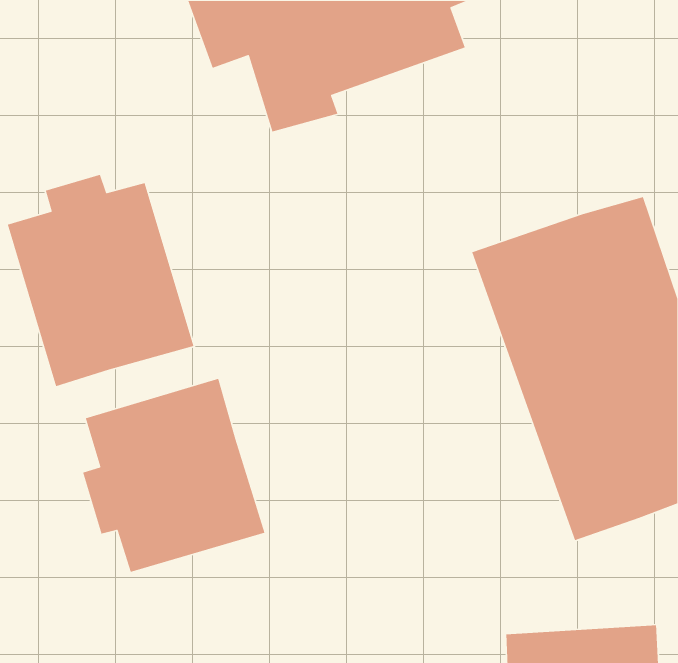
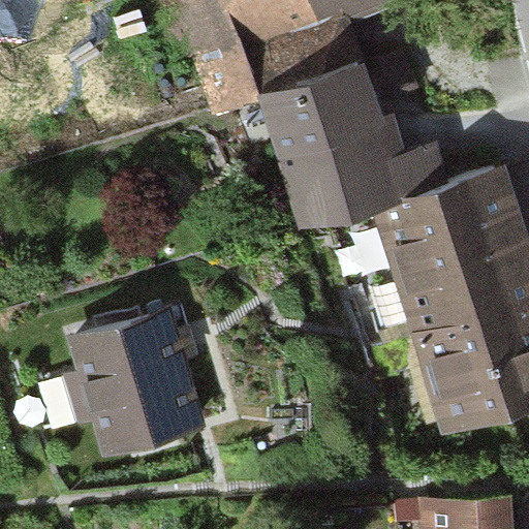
building: none -> [258,49,454,228]
building: [7,174,194,387] -> none

